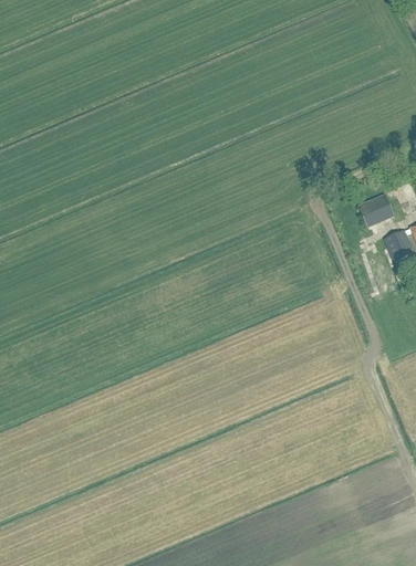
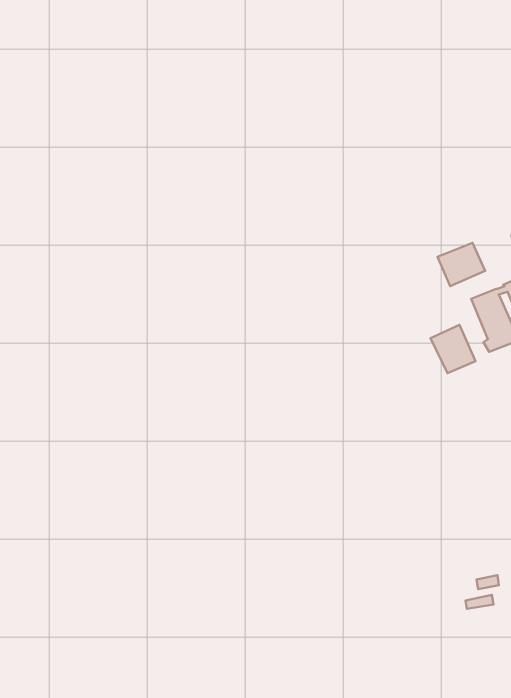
building: none -> [430,325,476,373]

